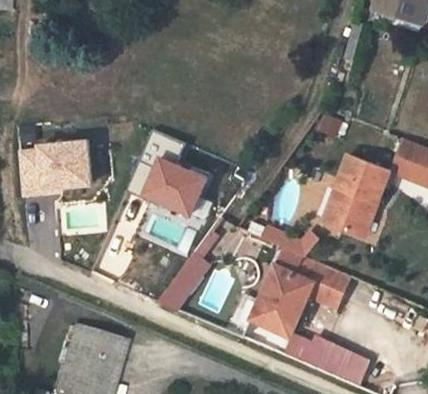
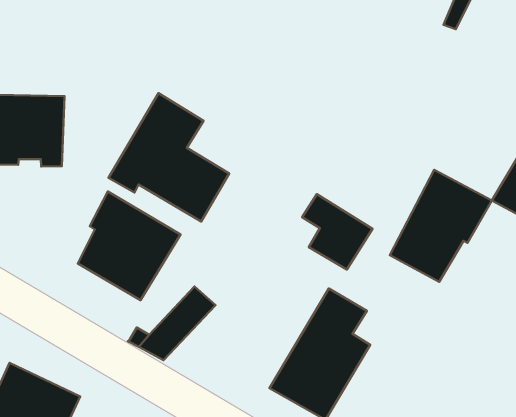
building: none -> [78,191,181,300]
building: [306,259,355,308] -> [302,194,372,270]

